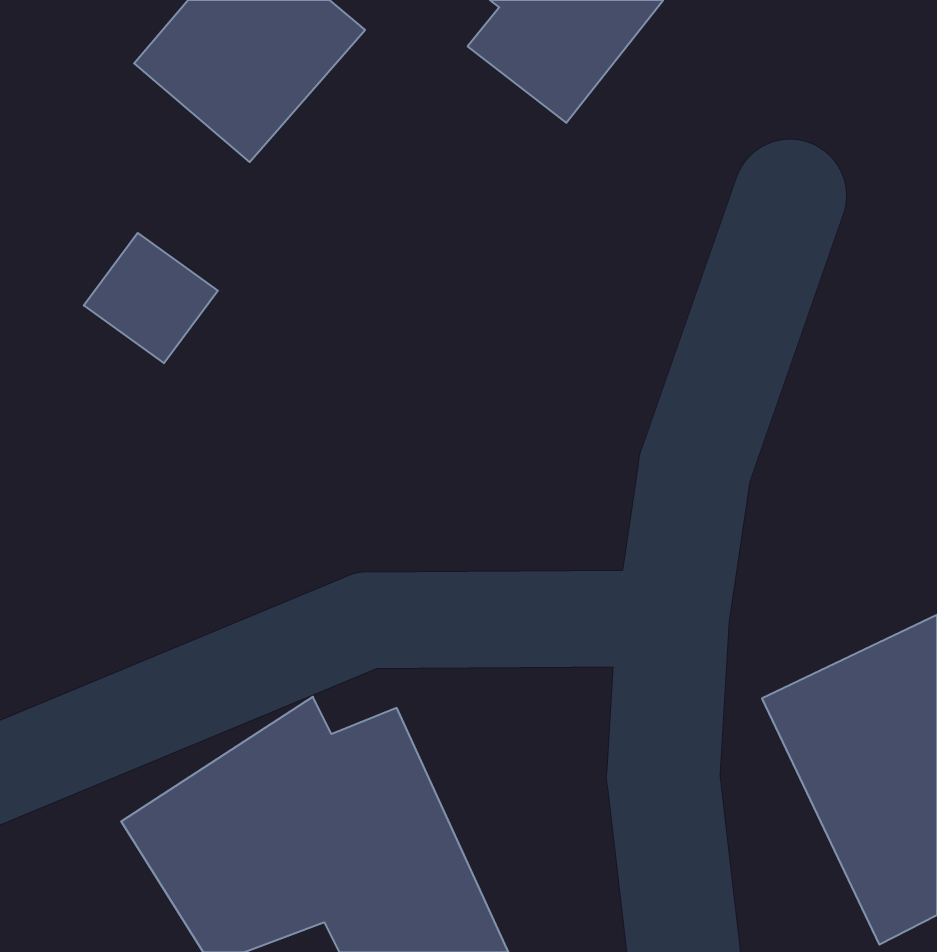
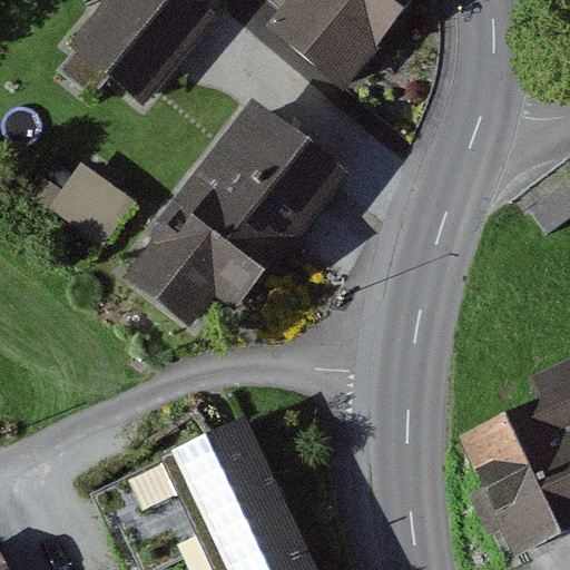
building: none -> [132,101,348,330]

